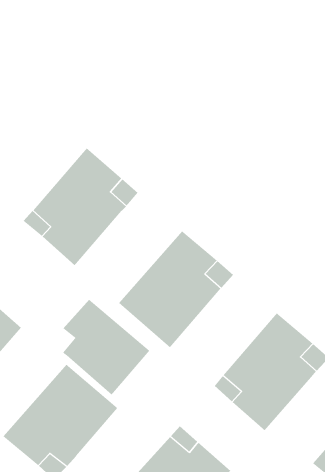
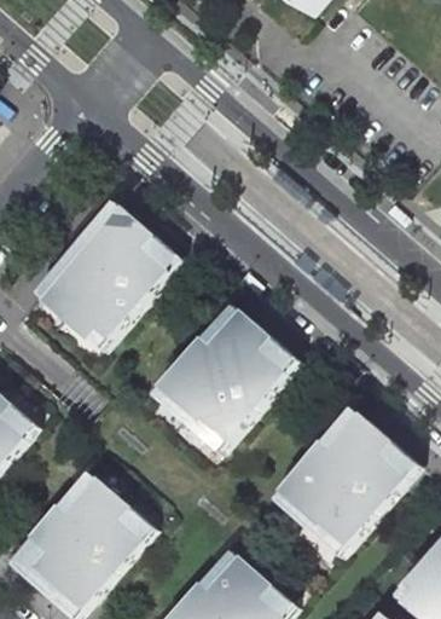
building: [62,299,150,395] -> none

